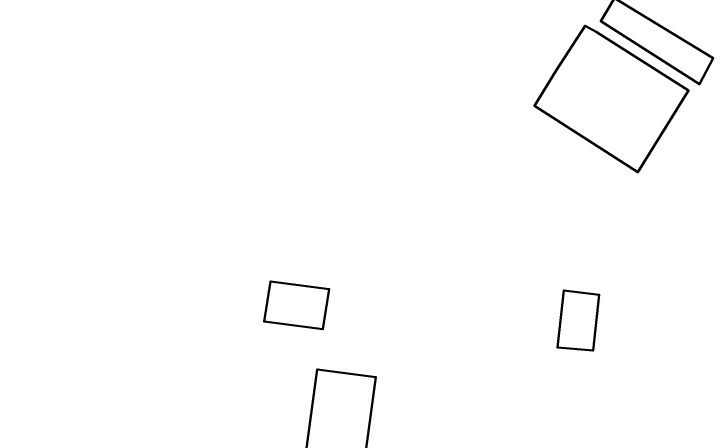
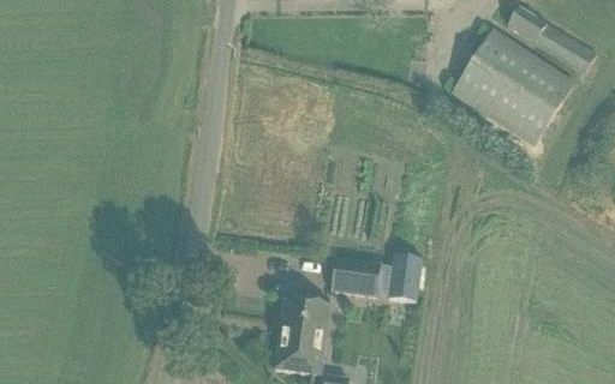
building: [264,281,329,329] -> [332,257,382,294]
building: [558,290,599,350] -> [388,253,420,300]

